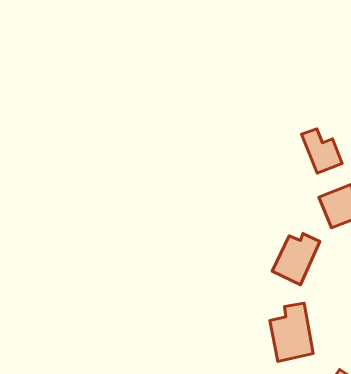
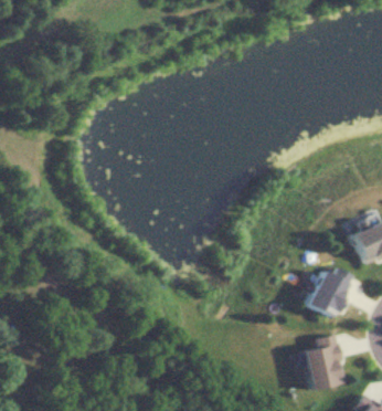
building: [302,129,342,173] -> none

